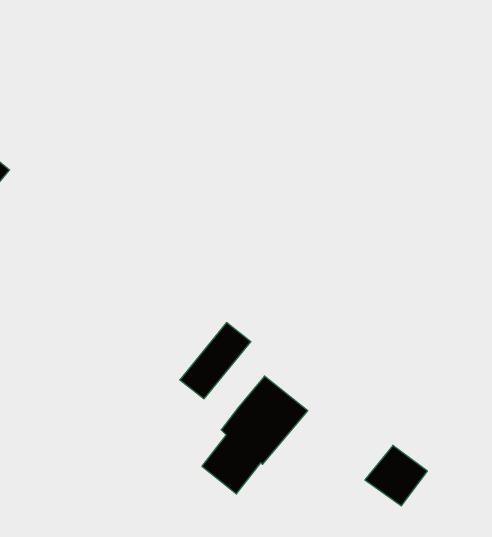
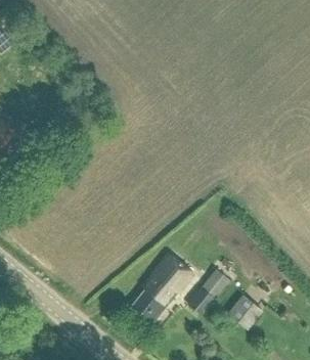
building: [180,323,251,399] -> [188,269,230,314]

